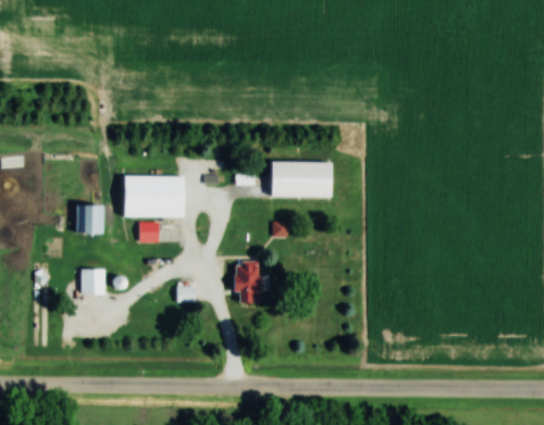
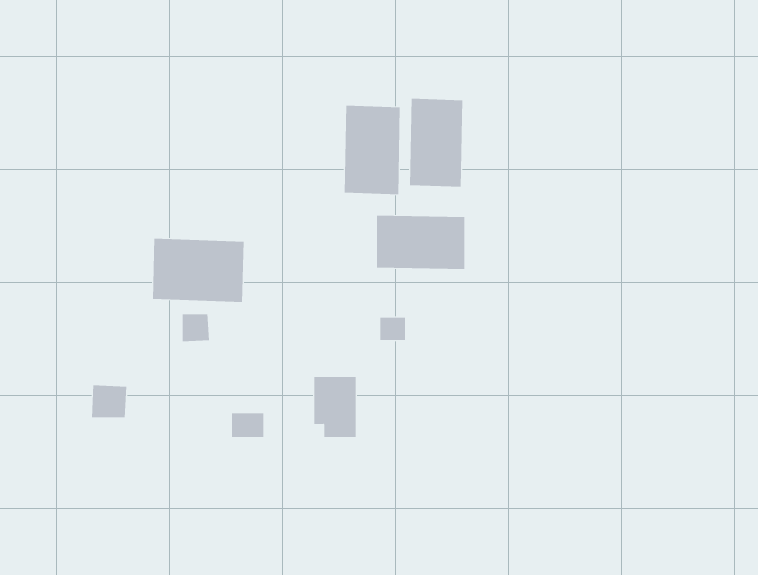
building: none -> [410,98,463,188]
building: none -> [344,105,400,195]
building: [77,202,103,233] -> none

